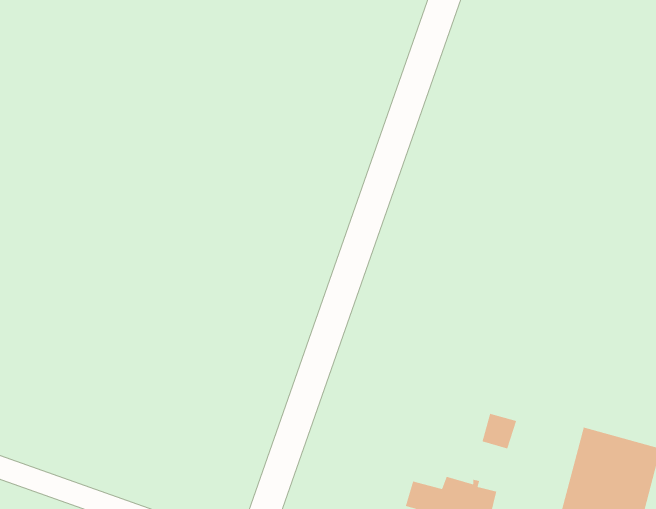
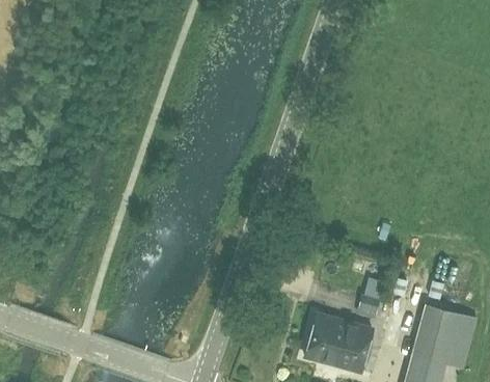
building: none -> [309,313,372,347]

